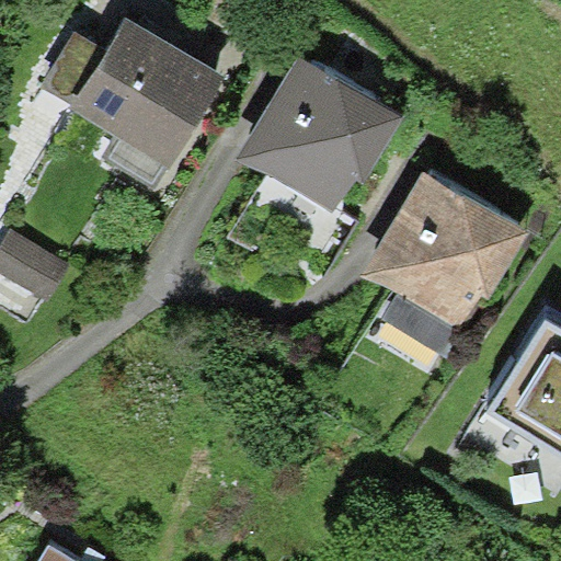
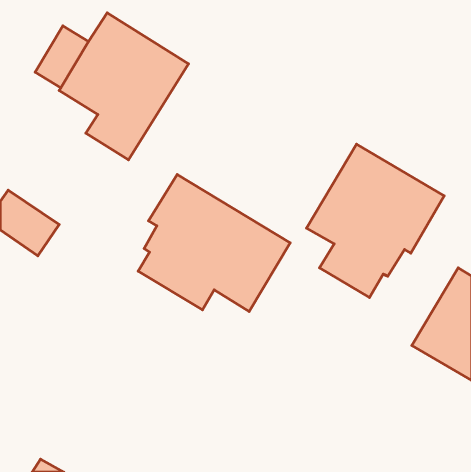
building: [239,57,403,213] -> none
building: none -> [138,175,290,312]

